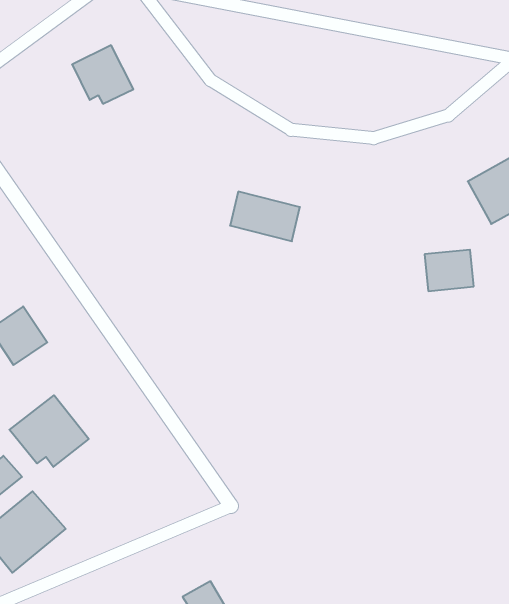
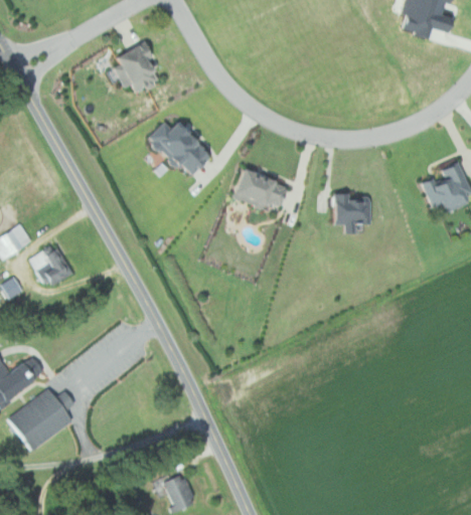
building: none -> [143,118,202,174]
building: [425,250,474,291] -> [330,194,366,223]
building: [9,395,89,467] -> none

